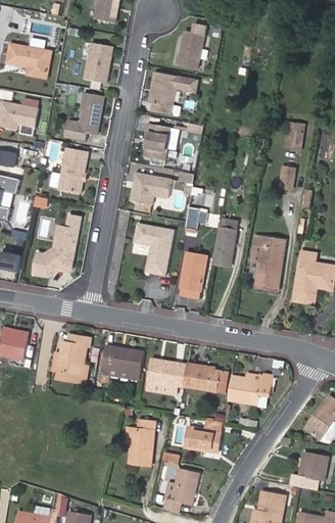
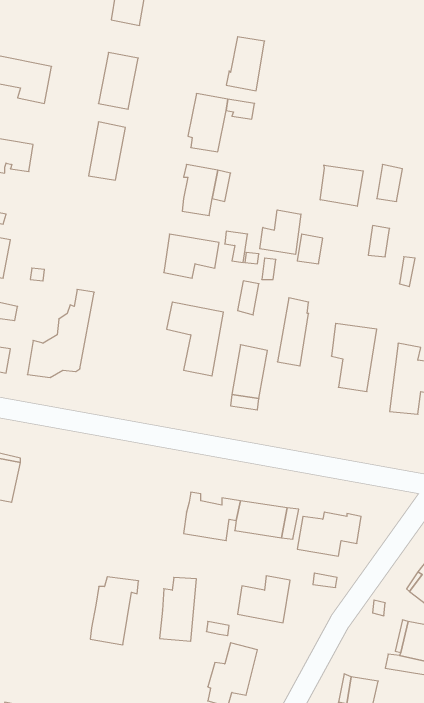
building: none -> [320,165,363,206]
building: [59,147,89,192] -> none
building: none -> [260,210,301,254]
building: [56,333,91,382] -> [90,577,139,645]
building: [102,345,144,378] -> none

